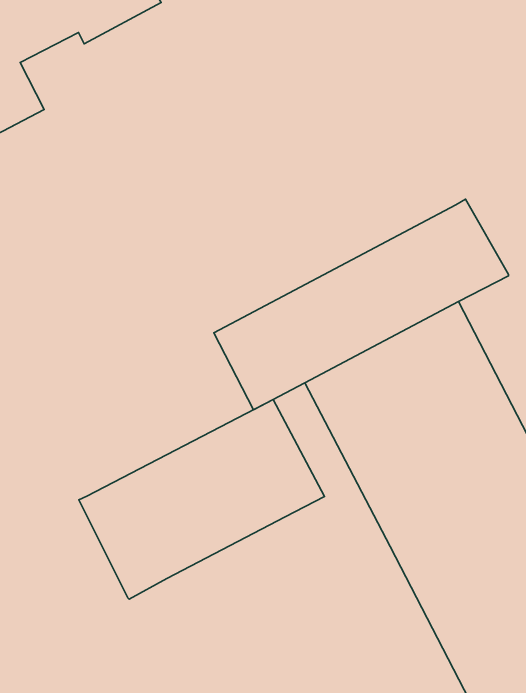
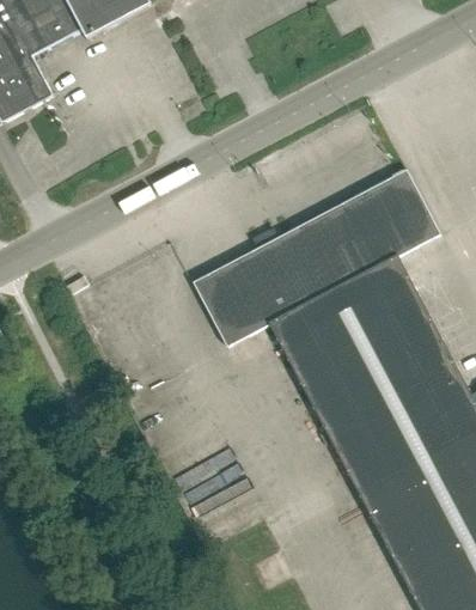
building: [79,400,324,599] -> none

